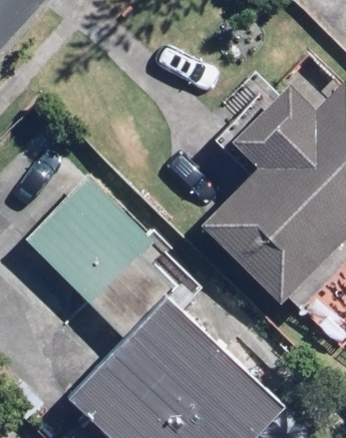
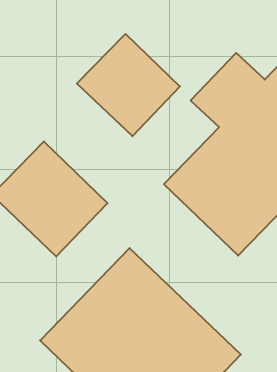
building: none -> [77,34,180,136]

